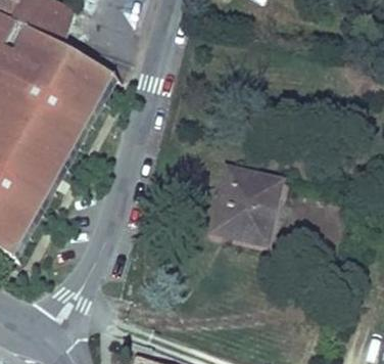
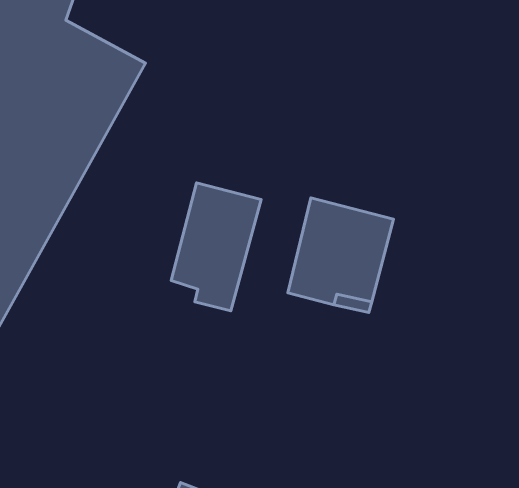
building: none -> [171,183,261,311]

